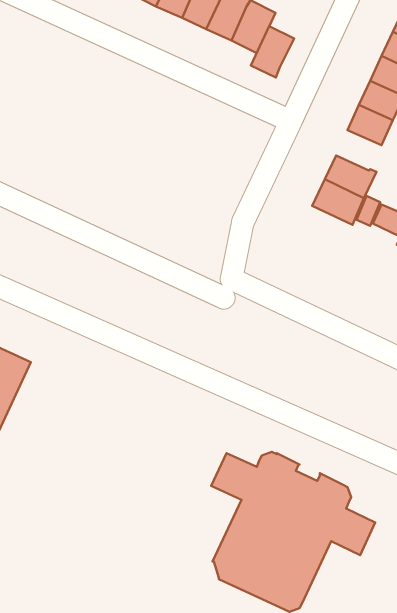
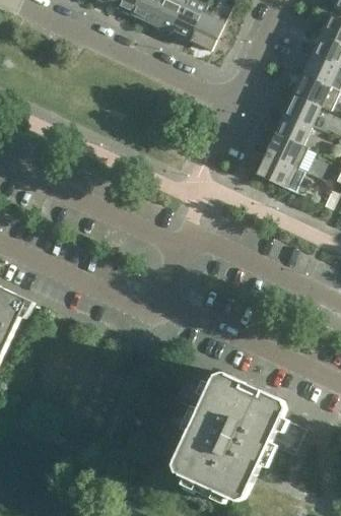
building: [251,26,294,78] -> none
building: none -> [275,113,312,145]

